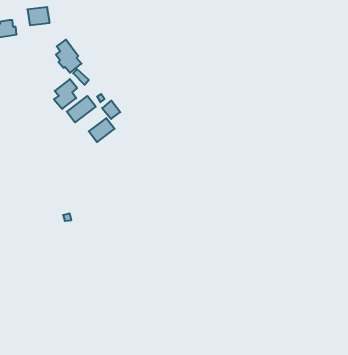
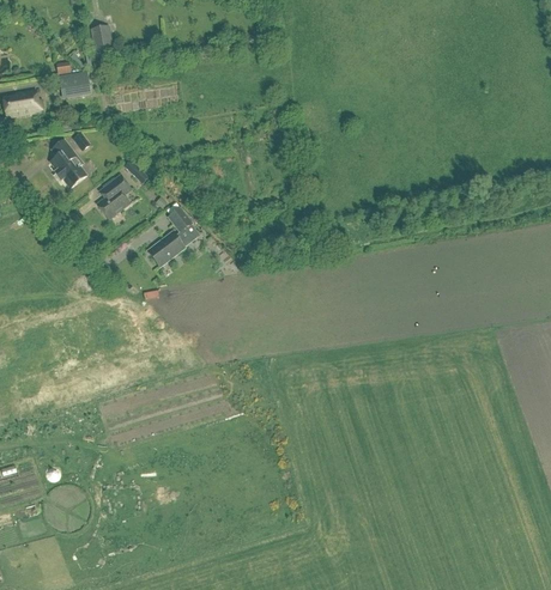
building: [56,40,82,73] -> [49,139,86,187]
building: [67,96,96,122] -> none

